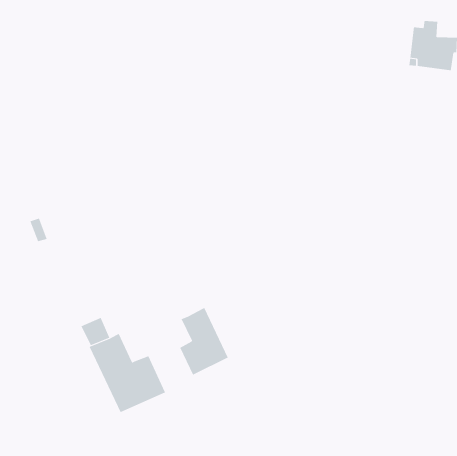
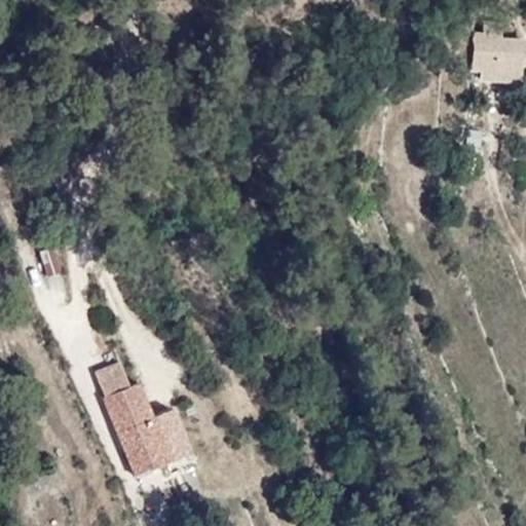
building: [179,307,228,375] -> none

